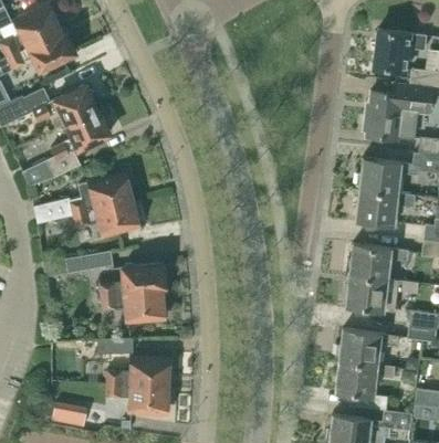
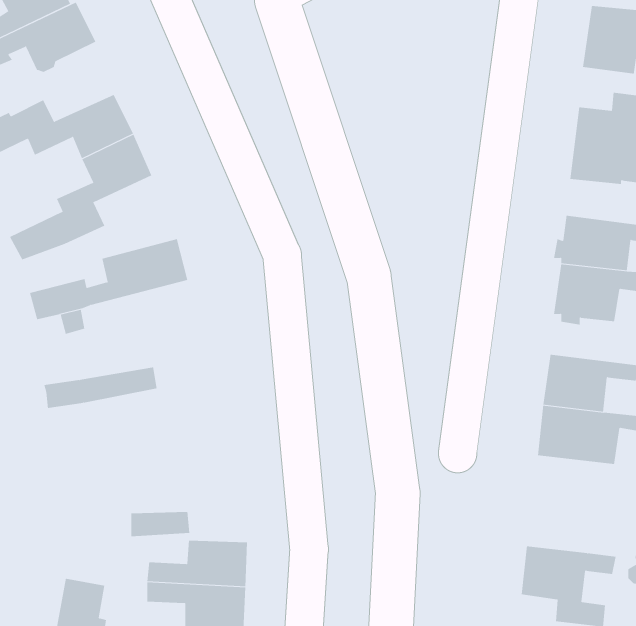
building: [73,198,139,234] -> none
building: [97,264,166,324] -> none
building: [339,328,398,365] -> none

